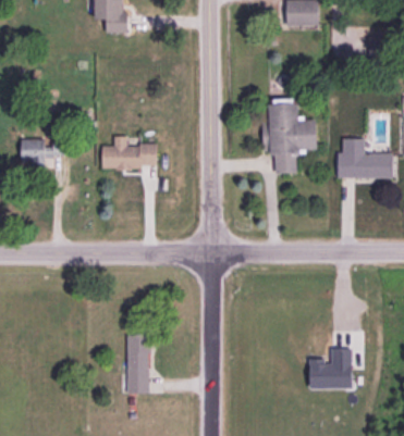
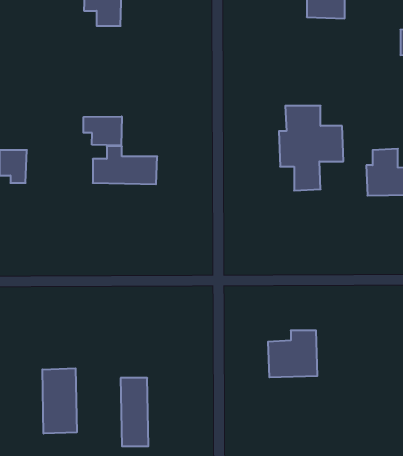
building: none -> [83,116,122,145]
building: none -> [42,368,77,434]
building: [309,349,352,389] -> [268,330,317,377]

